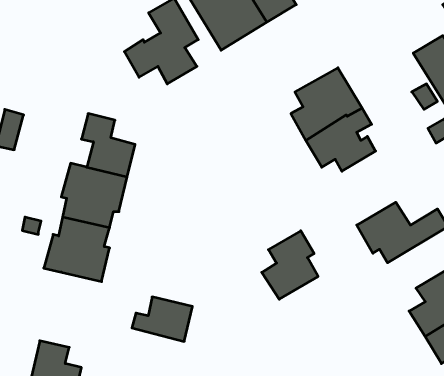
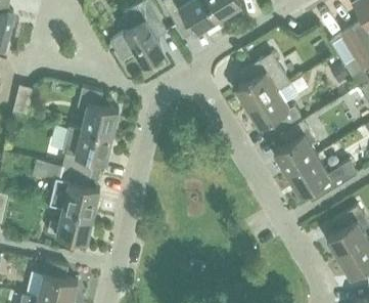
building: [262,231,318,299] -> [274,121,317,173]
building: [132,297,192,341] -> [47,209,93,243]

